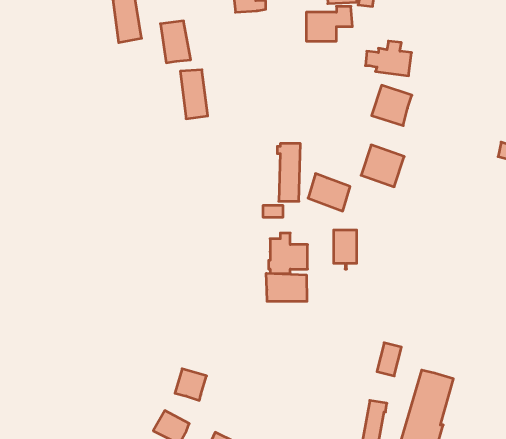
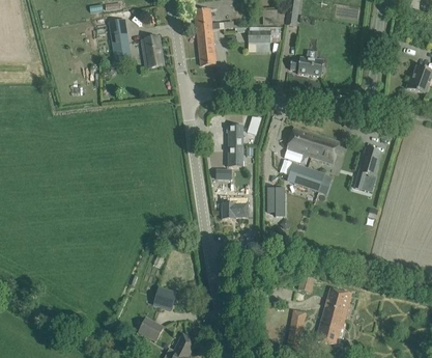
building: [180,70,208,119] -> [196,30,215,65]
building: [372,85,412,126] -> [310,135,339,164]
building: [308,174,350,211] -> [293,165,323,192]
building: none -> [353,147,381,193]
building: [266,273,307,301] -> none

